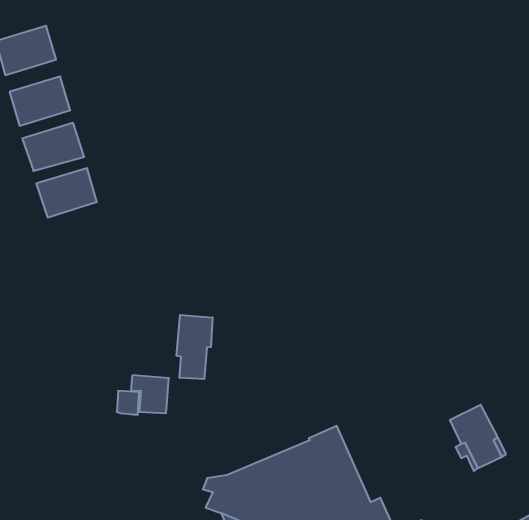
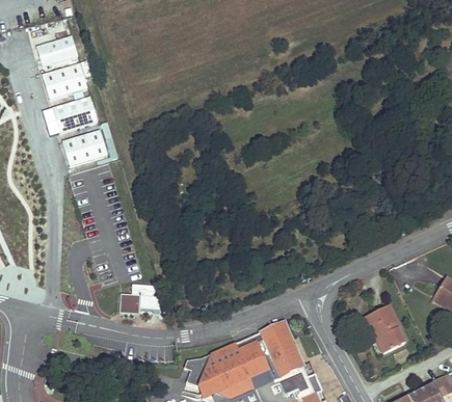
building: [176,315,213,379] -> none

